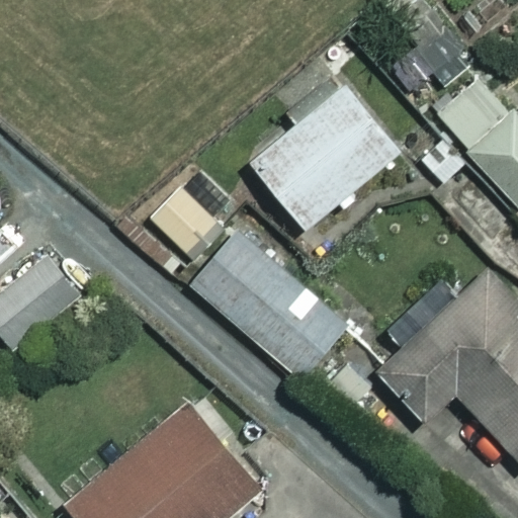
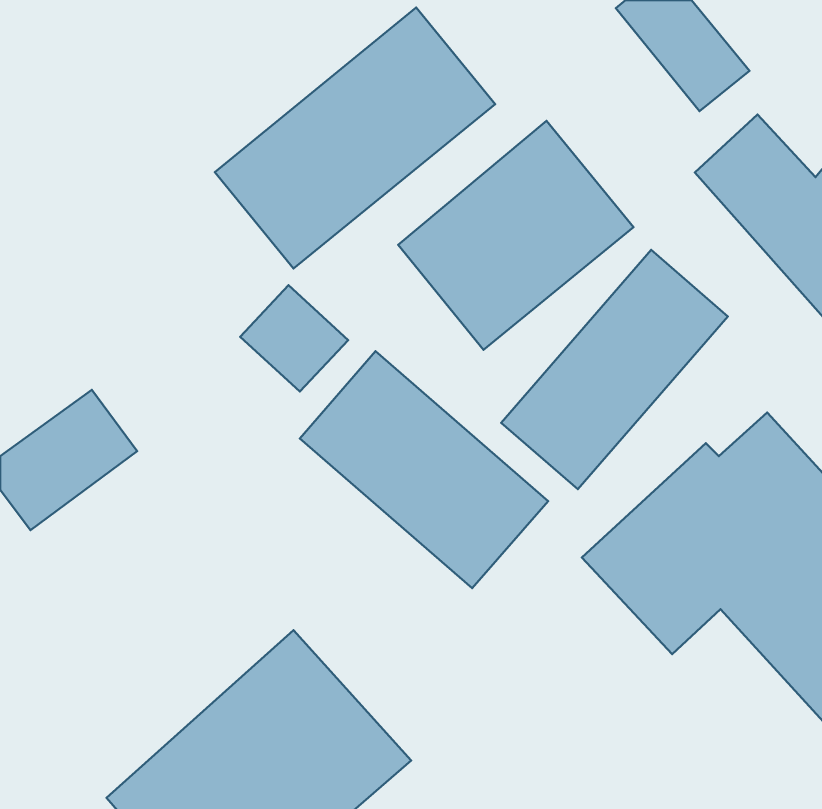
building: none -> [215,8,495,269]
building: none -> [501,250,728,489]

